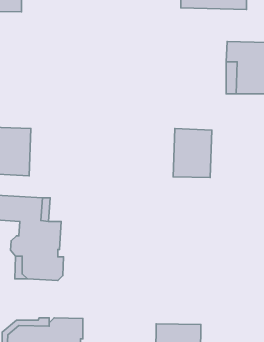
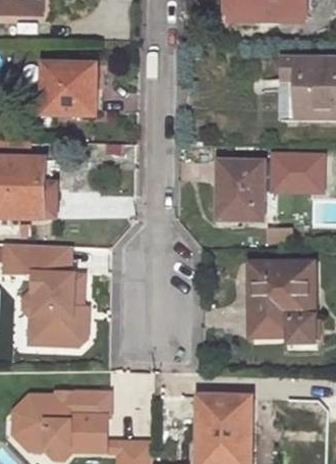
building: none -> [44,64,98,116]
building: none -> [270,152,323,192]
building: none -> [250,264,316,340]

